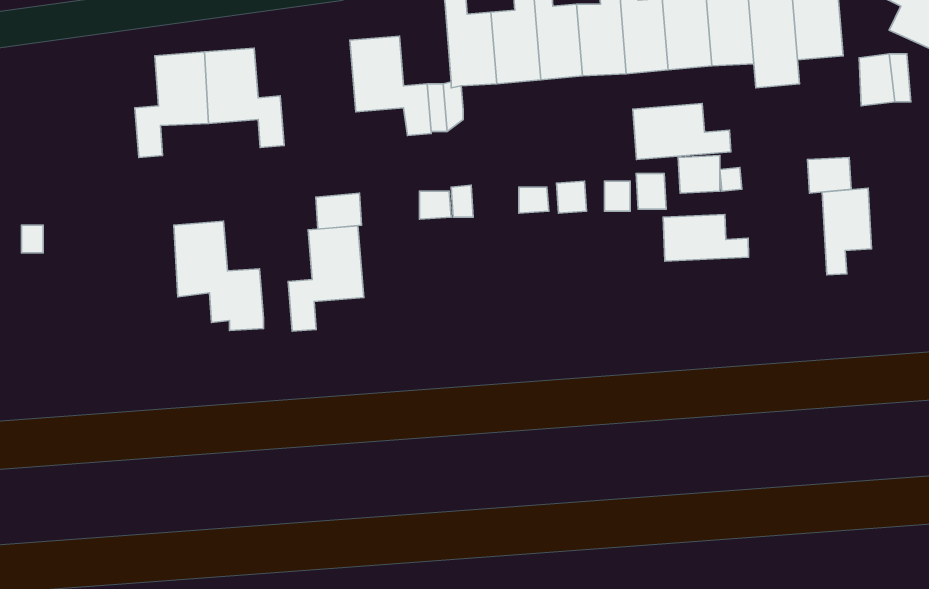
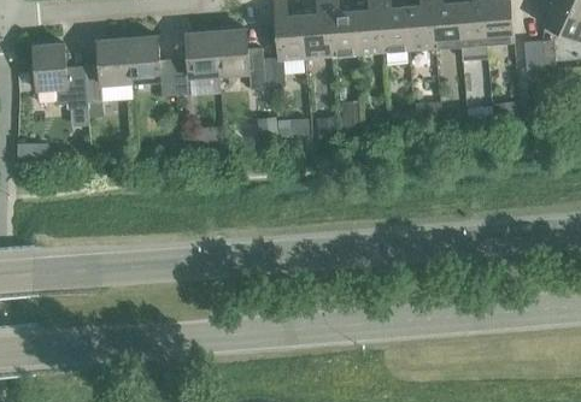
building: [633,103,731,160] -> none
building: [822,188,872,275] -> none
building: [663,214,749,261] -> none
building: [174,221,263,331] -> [34,43,88,110]
building: [288,226,364,331] -> [174,31,219,95]

